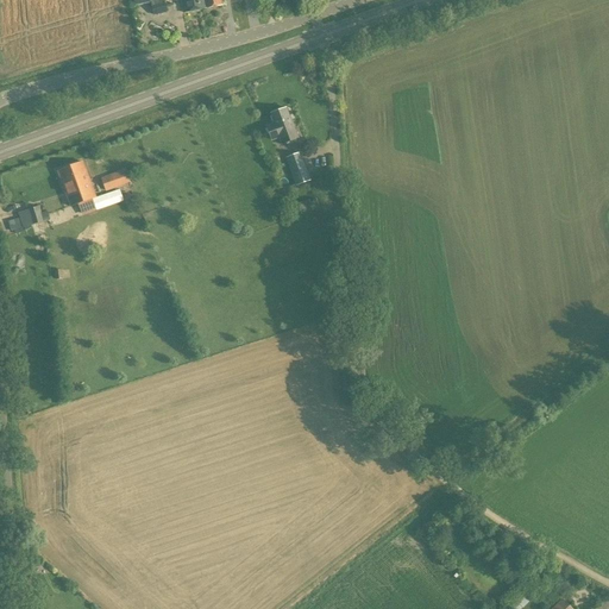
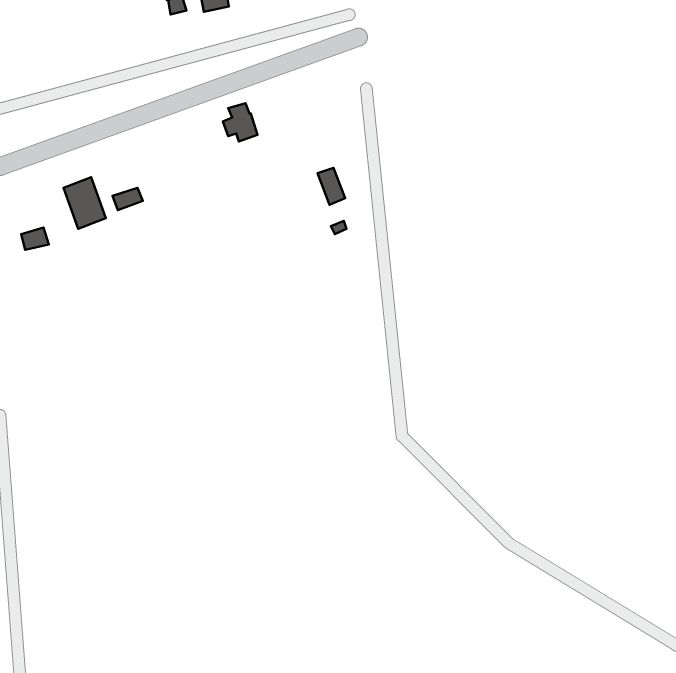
building: [265,107,296,142] -> [223,103,257,141]

